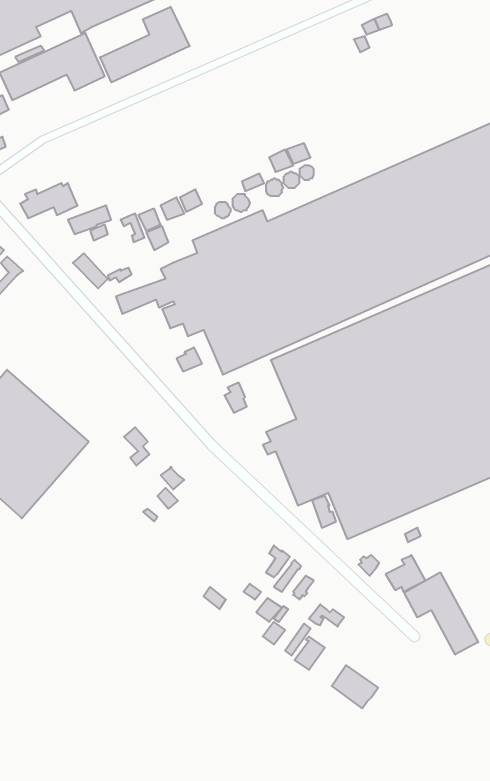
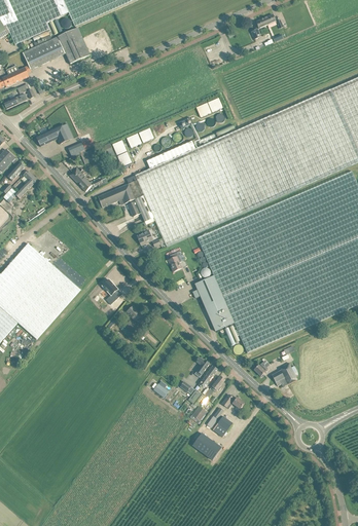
building: [100,7,190,82] -> none
building: [404,572,478,655] -> none
building: [332,665,378,708] -> [192,431,222,459]

